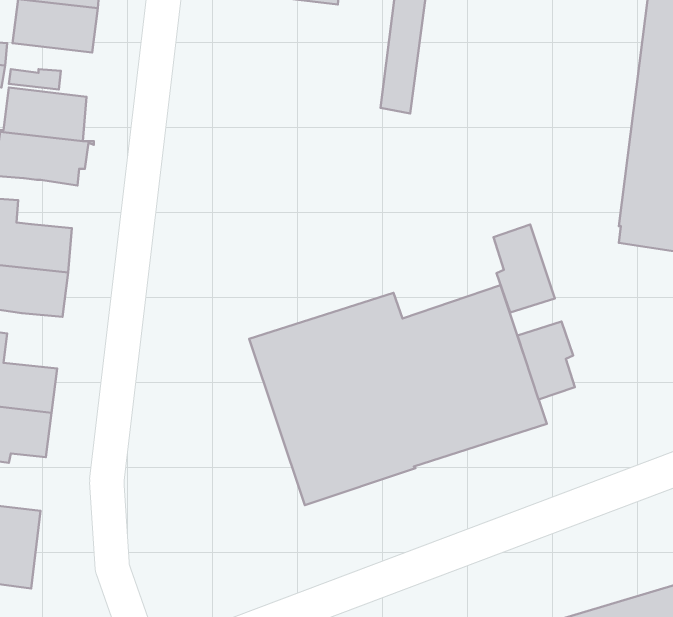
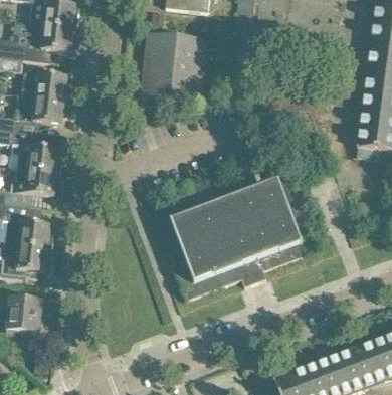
building: none -> [142,32,204,98]
building: [493,224,555,313] -> none
building: [517,321,575,399] -> none

